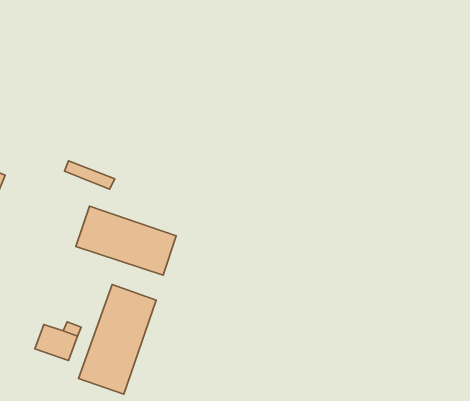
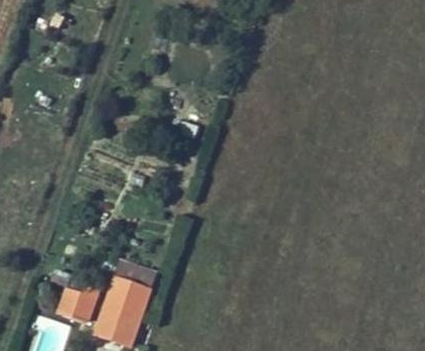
building: [76,206,176,275] -> none

